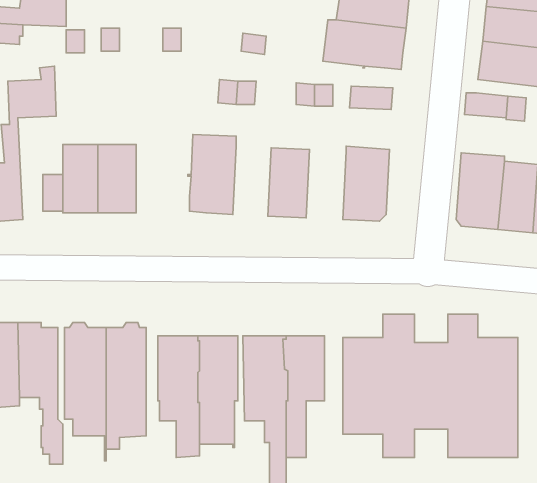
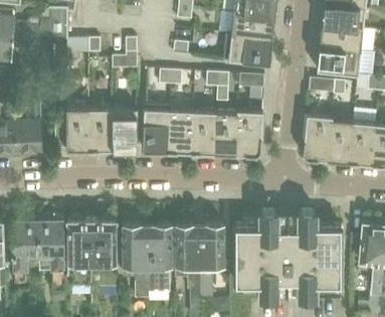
building: none -> [110,109,137,150]
building: none -> [168,110,191,152]
building: none -> [212,112,236,154]

